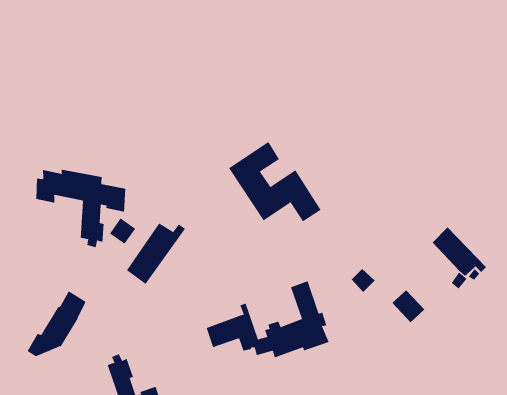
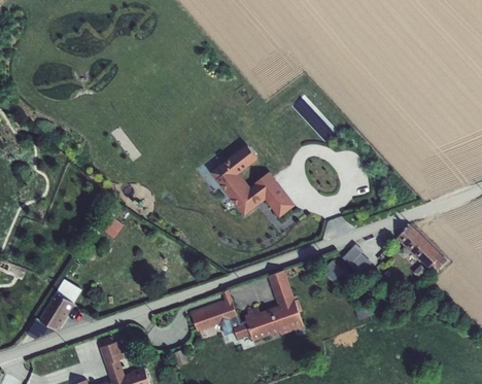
building: [36,169,126,248] -> none
building: [126,222,186,285] -> none
building: [391,289,425,323] -> [342,243,373,274]

